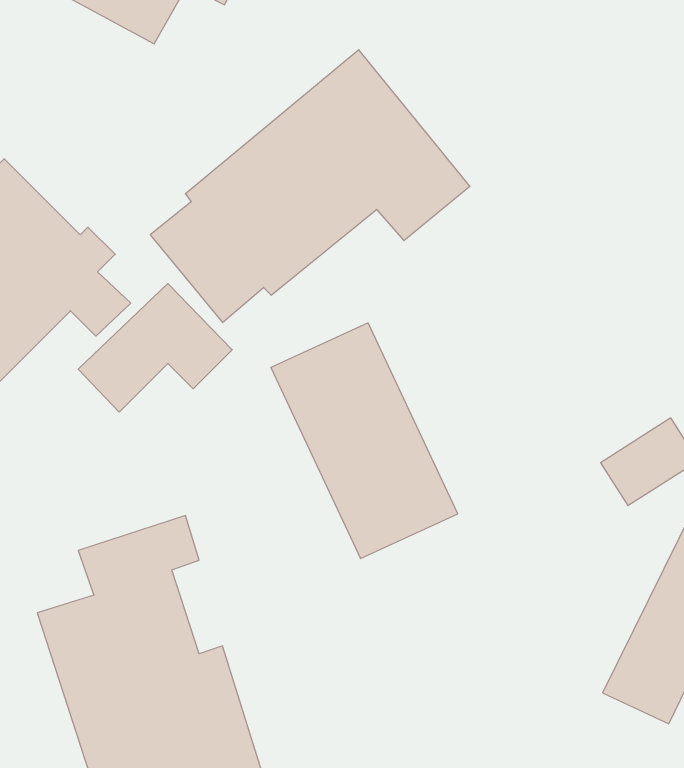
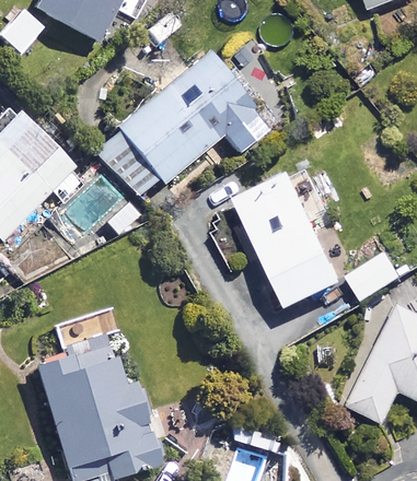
building: [271,323,458,559] -> [236,174,341,306]

